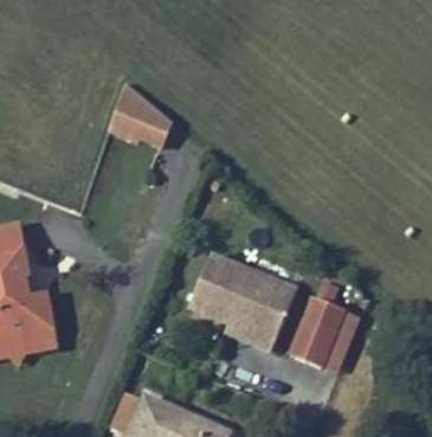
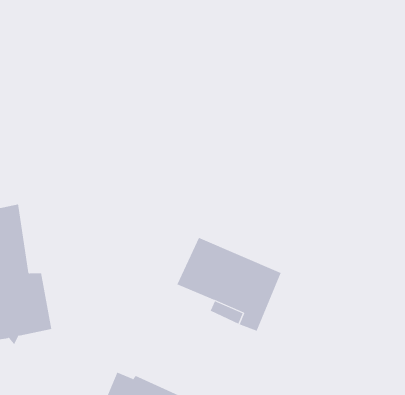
building: [110,79,172,143] -> none
building: [291,300,343,366] -> none

